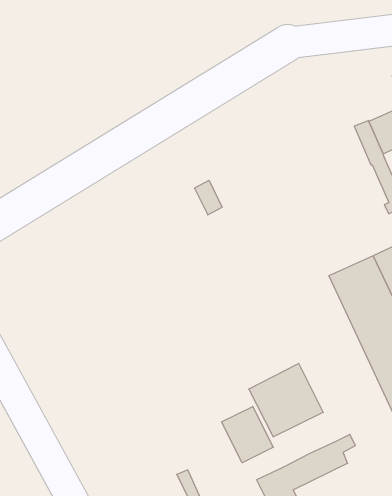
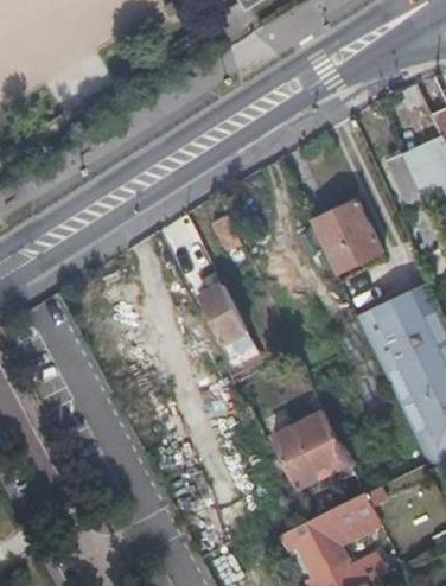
building: none -> [311,198,383,273]
building: none -> [200,285,254,358]
building: [222,406,273,463] -> none

